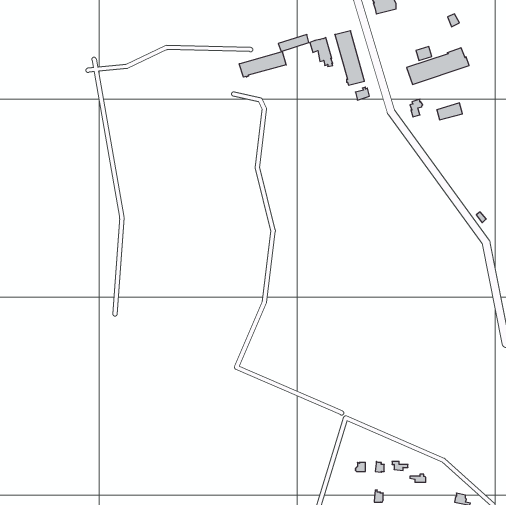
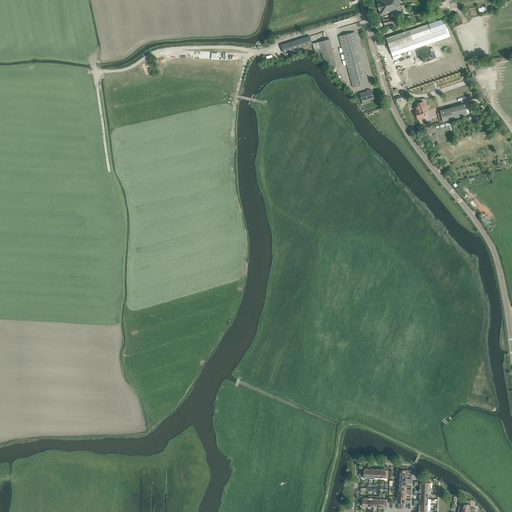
building: [407,48,469,84] -> [386,18,449,55]
building: [239,52,286,77] -> none

